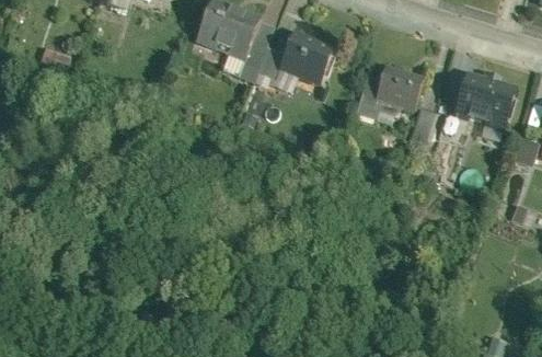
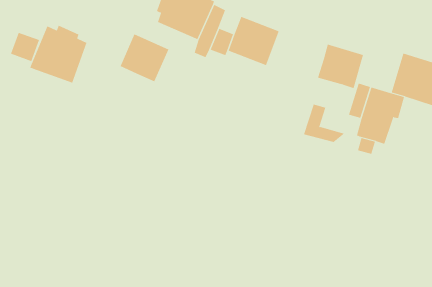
building: none -> [30,25,87,83]
building: none -> [120,33,169,82]
building: [356,74,402,117] -> [303,104,345,143]

